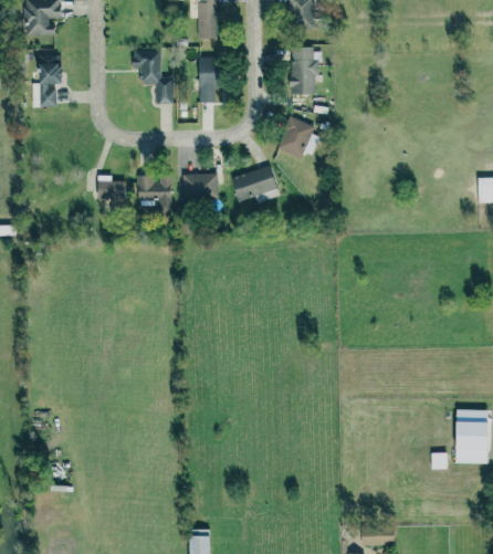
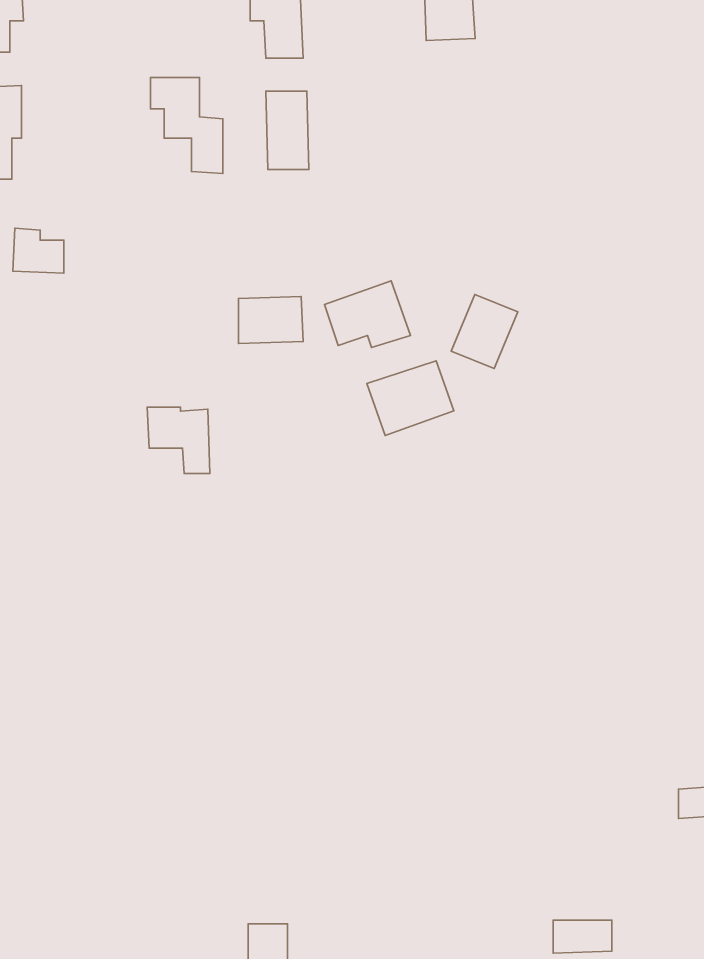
building: [290,48,317,94] -> none
building: [276,116,314,158] -> [451,294,518,369]
building: [96,175,125,200] -> [13,228,64,273]
building: [137,176,172,213] -> [147,407,210,474]
building: none -> [367,361,454,435]

